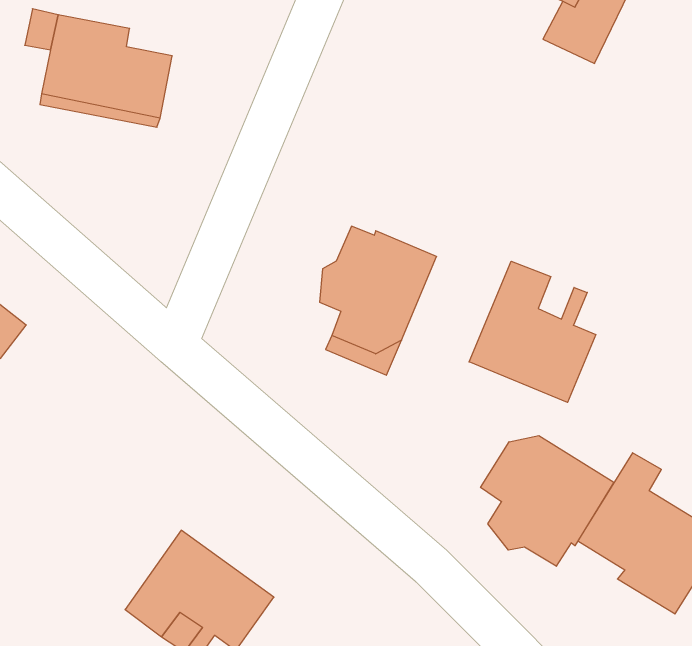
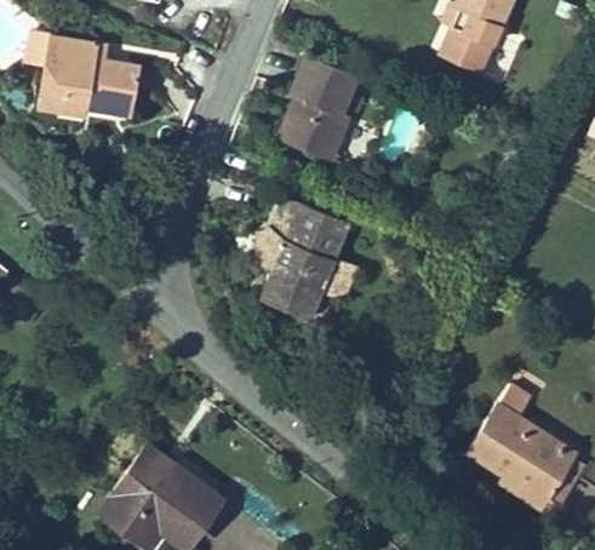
building: none -> [274,57,360,165]
building: [469,261,596,402] -> none
building: [481,436,614,566] -> none

